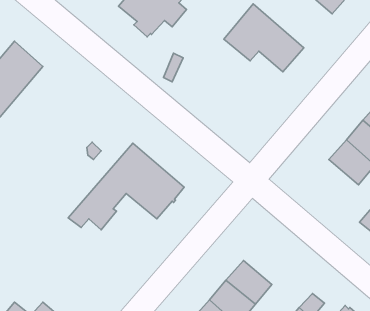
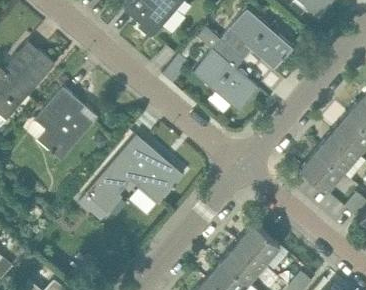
building: none -> [193,27,258,111]
building: none -> [35,87,94,160]
building: none -> [300,150,343,192]
building: none -> [238,223,280,264]

